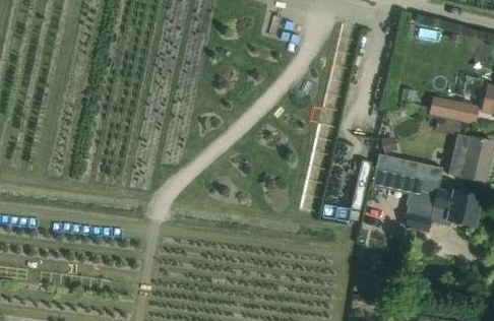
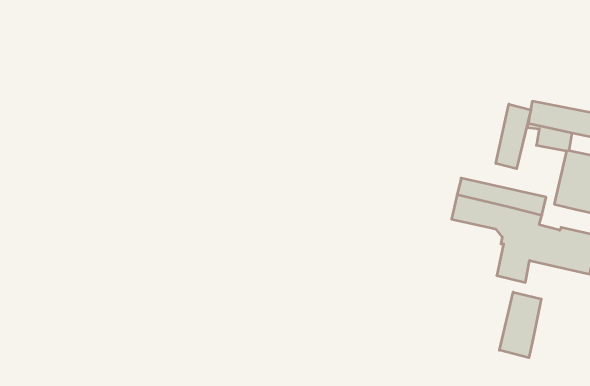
building: none -> [496,104,531,169]
building: none -> [499,292,541,358]

